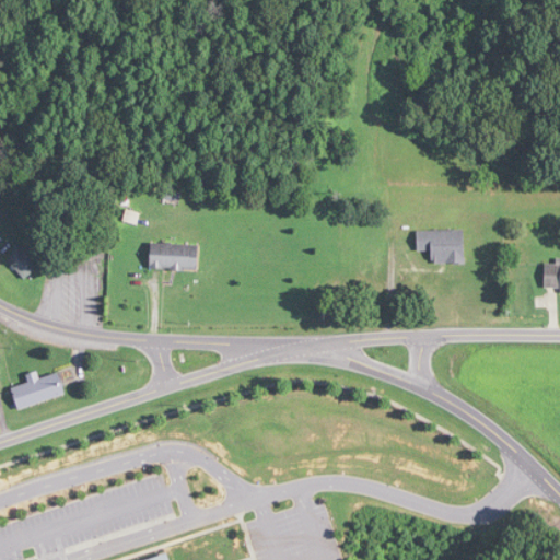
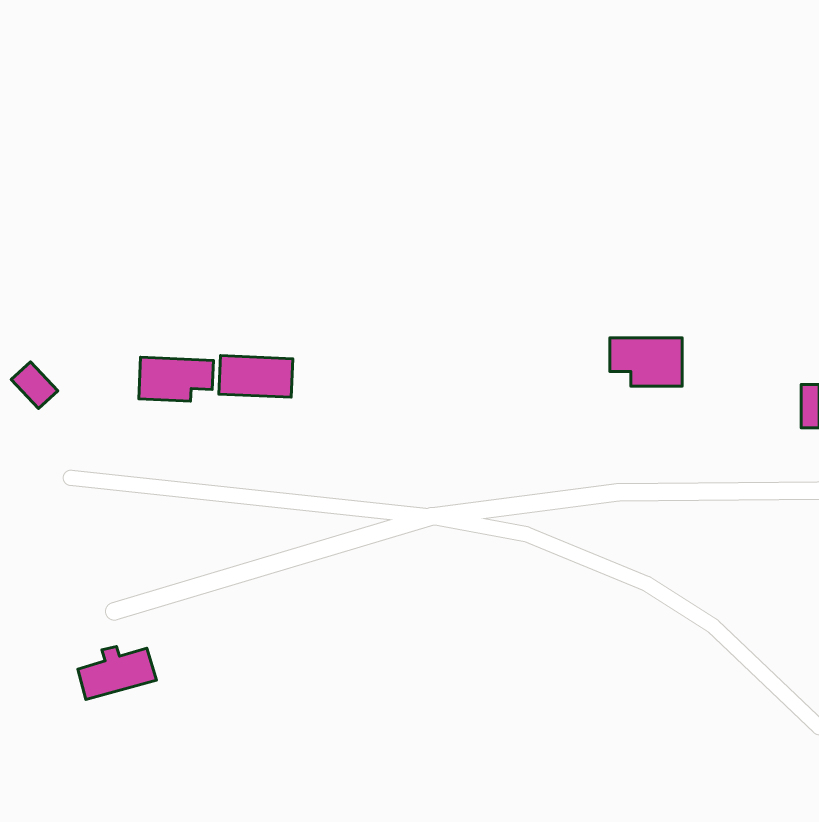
building: none -> [139,357,214,401]
building: [11,372,65,408] -> [78,647,157,700]

